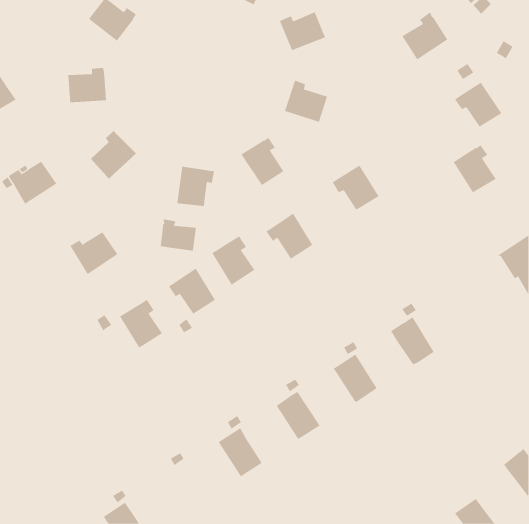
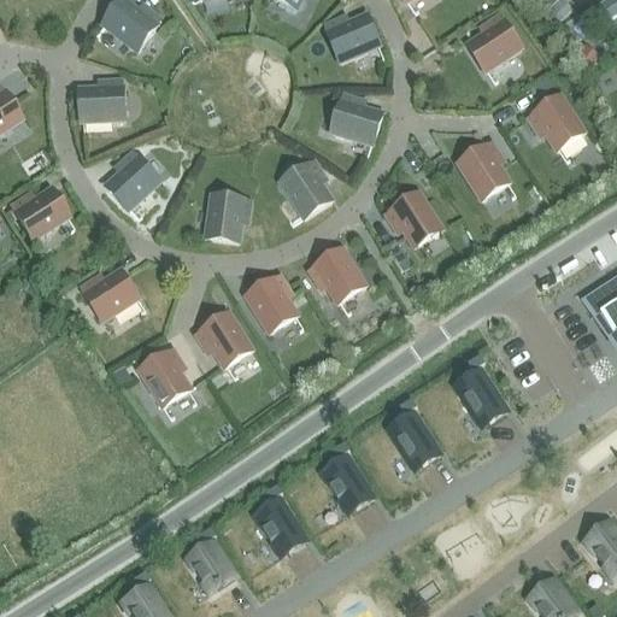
building: [453,145,496,193] -> [458,141,509,198]
building: [160,219,196,251] -> none
building: none -> [187,541,235,590]

